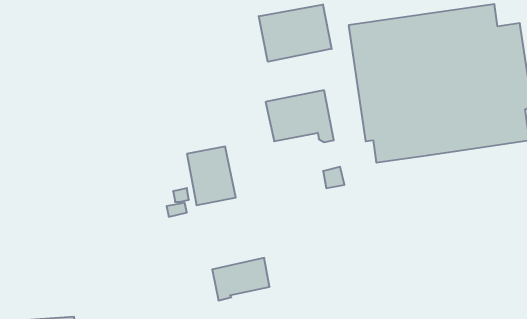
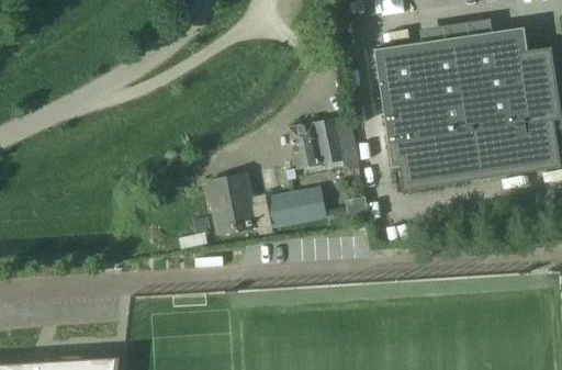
building: [259,4,332,62] -> none
building: [212,258,270,300] -> [268,186,327,229]

